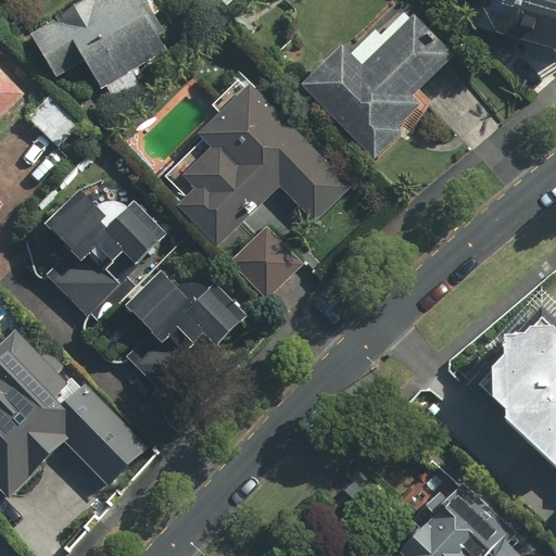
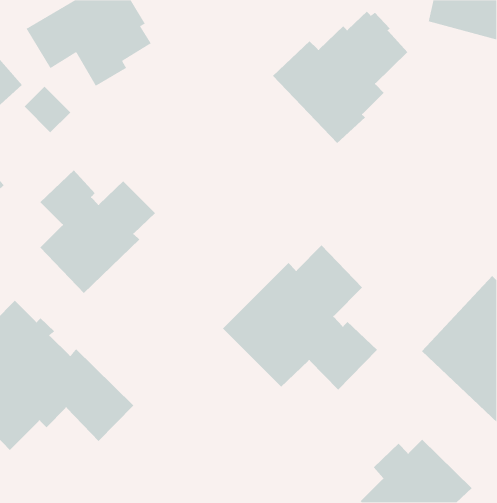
building: [175,81,351,244] -> none
building: [227,223,301,298] -> none
building: [123,267,257,396] -> none
building: none -> [222,245,378,391]

